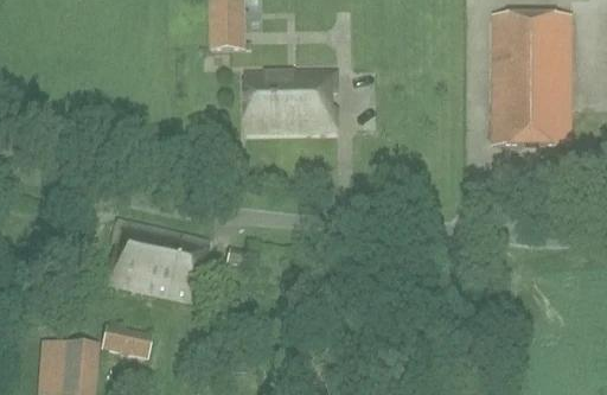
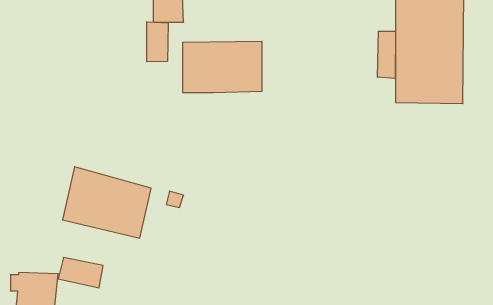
building: none -> [147,22,168,62]
building: none -> [377,31,396,79]

